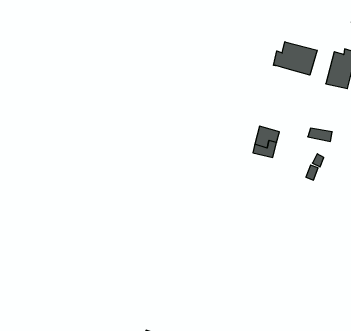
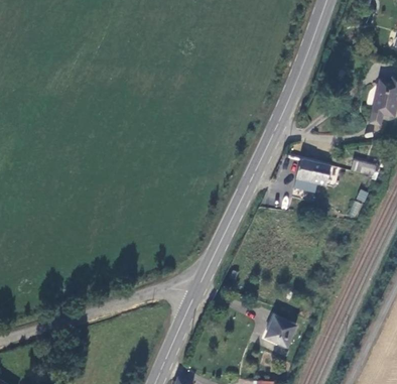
building: [274,42,317,75] -> none
building: none -> [264,314,297,348]

